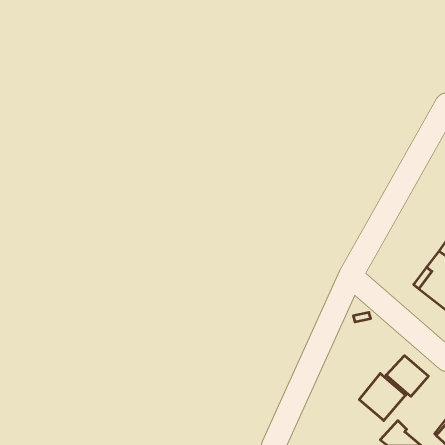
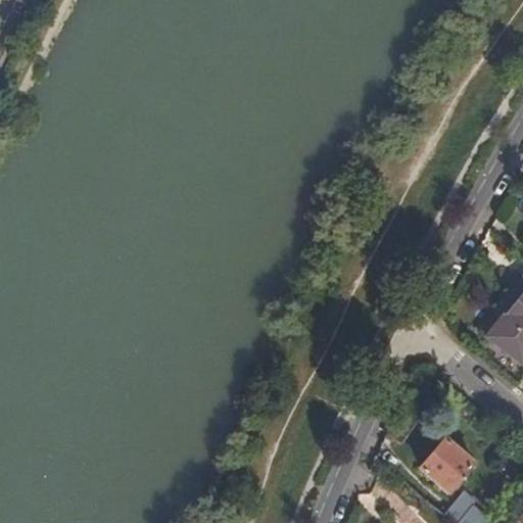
building: [386,356,428,396] -> none

